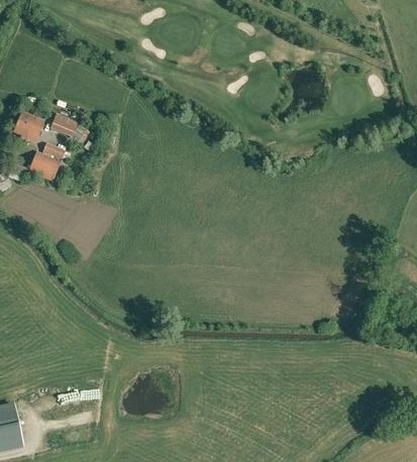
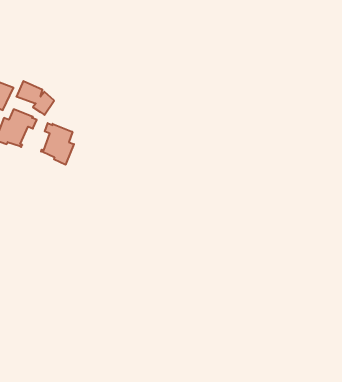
building: none -> [41,123,74,165]

